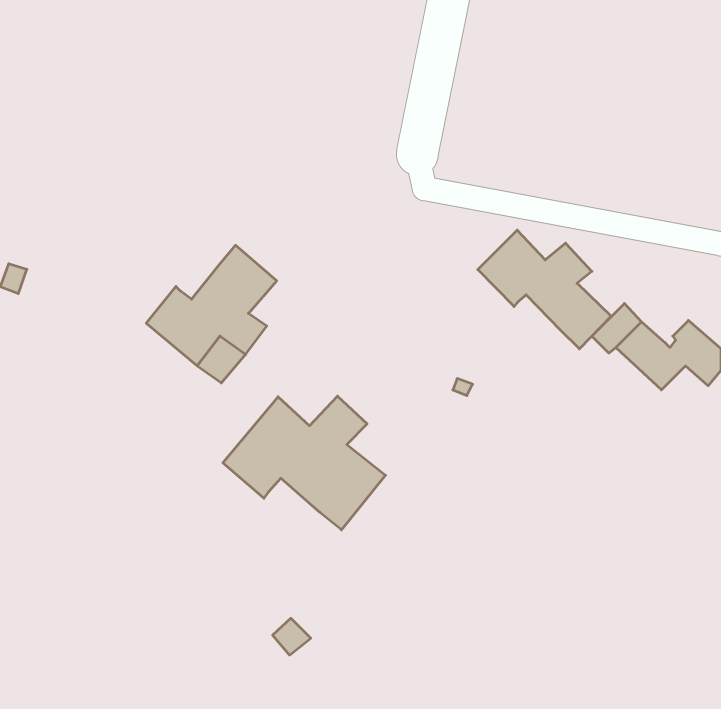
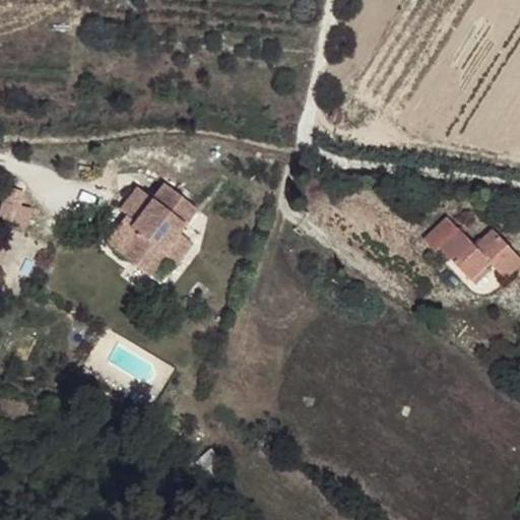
building: [478,230,611,349] -> none
building: [223,396,386,530] -> none

